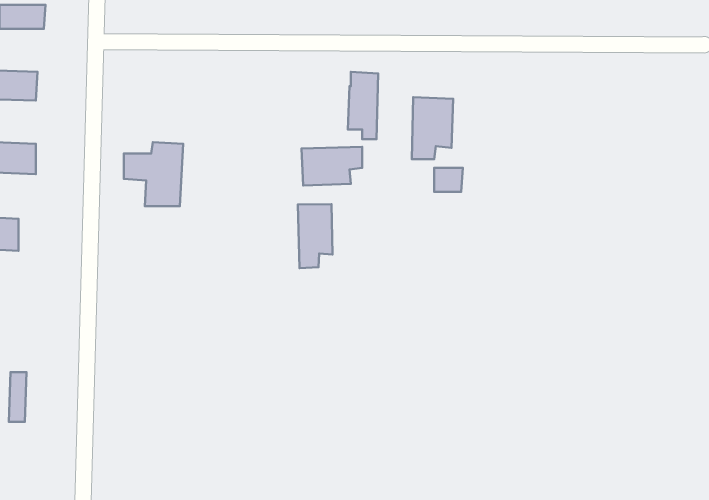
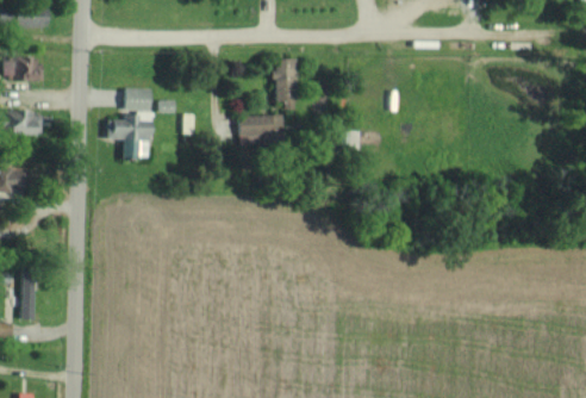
building: [412,97,453,159] -> none
building: none -> [125,87,151,110]
building: [298,204,333,268] -> none

